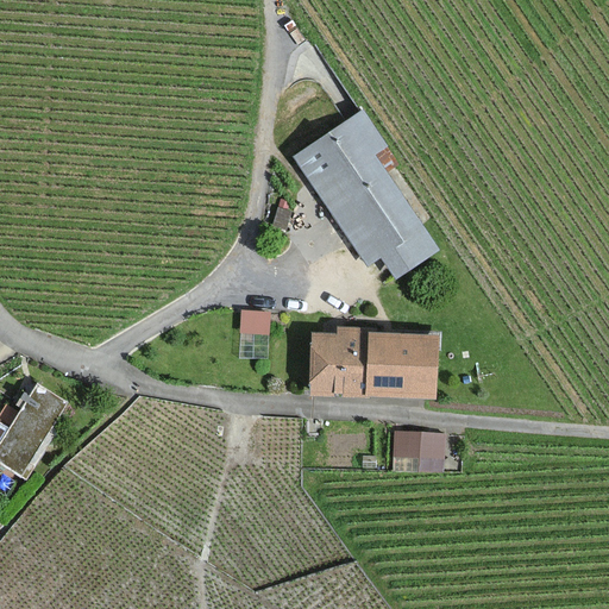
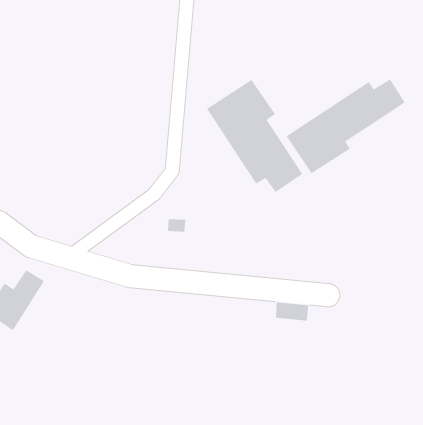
building: none -> [286,79,405,174]
building: [310,328,435,397] -> none

